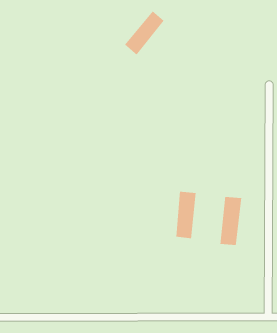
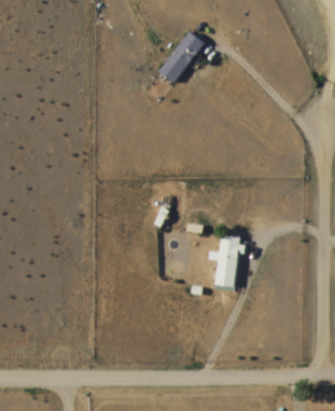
building: [220,196,242,246] -> none

